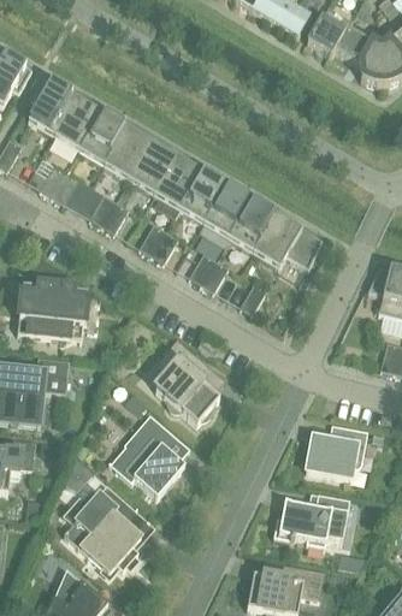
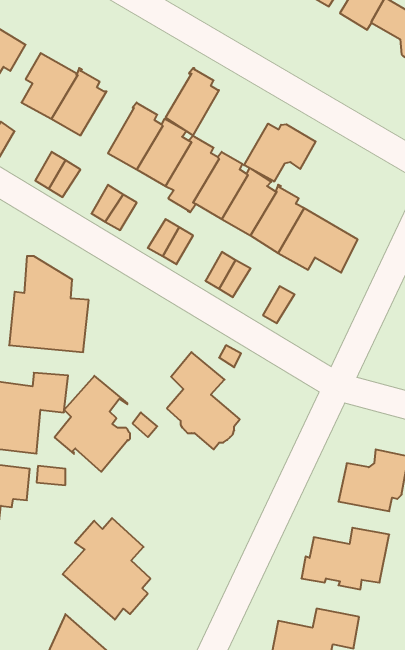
building: [78,105,125,164] -> [166,68,219,135]
building: none -> [244,124,316,182]
building: [114,413,181,497] -> [55,376,130,472]

